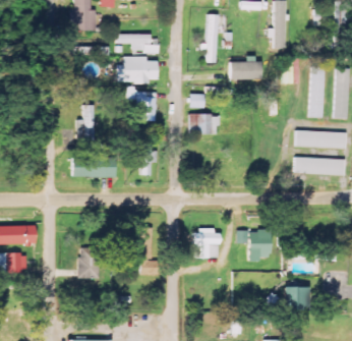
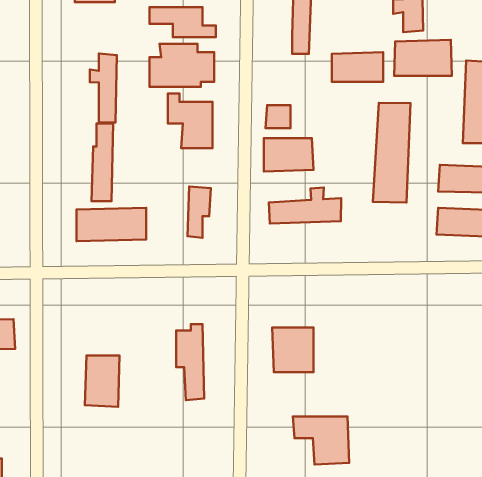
building: none -> [394,40,452,76]
building: none -> [90,54,117,123]
building: none -> [373,103,411,202]
building: none -> [269,188,341,224]
building: [236,230,271,260] -> [293,417,349,465]
building: [284,287,308,311] -> none

